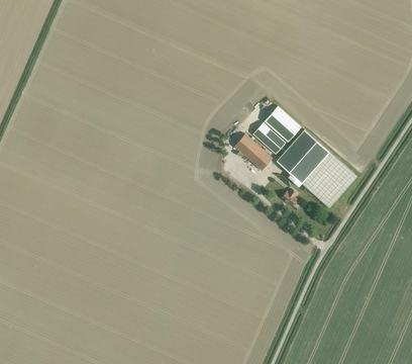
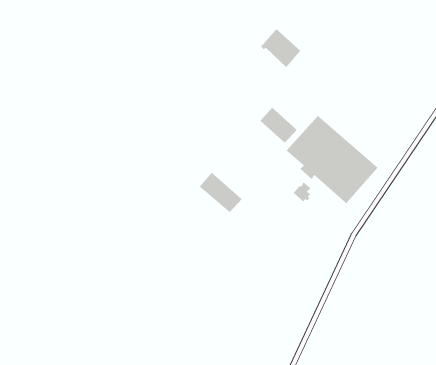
building: [263,104,299,140] -> [260,28,301,68]
building: [233,131,272,168] -> [199,172,242,213]

